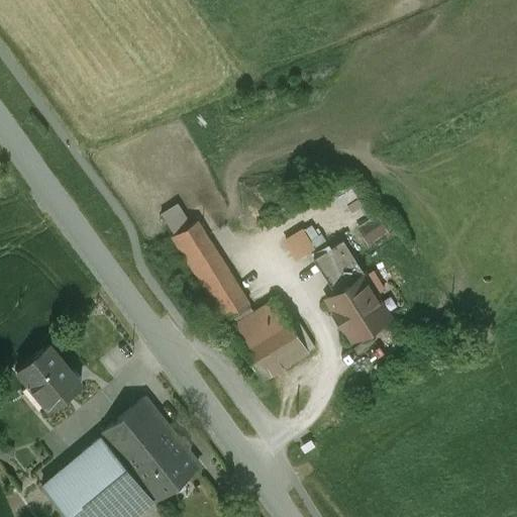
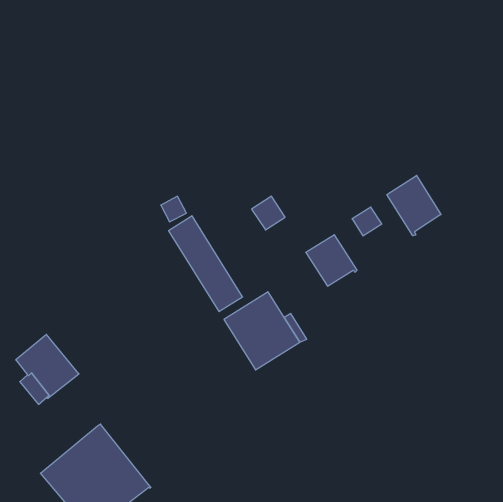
building: none -> [387,175,441,236]
building: [286,227,320,262] -> [252,196,285,230]
building: [327,279,389,341] -> none
building: [102,398,199,501] -> none

